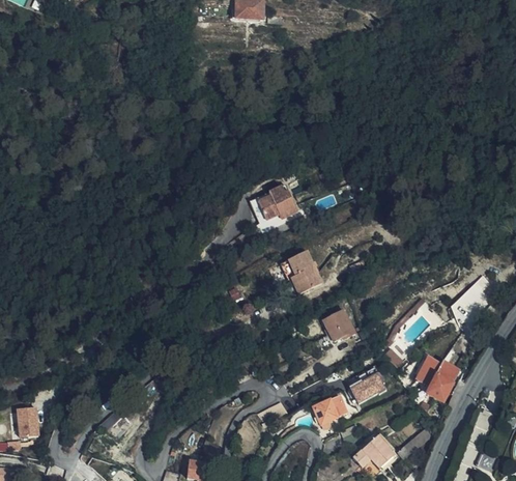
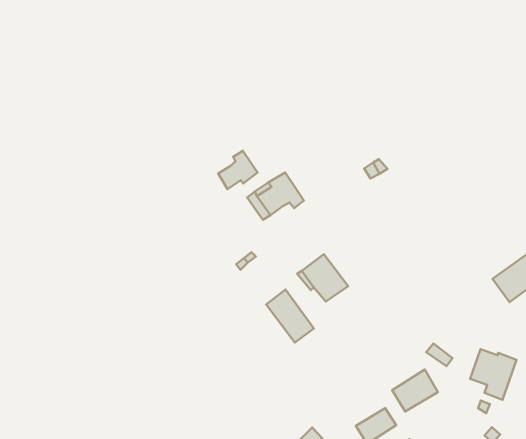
building: none -> [218,151,258,189]
building: none -> [266,289,314,343]
building: [322,310,355,341] -> none

